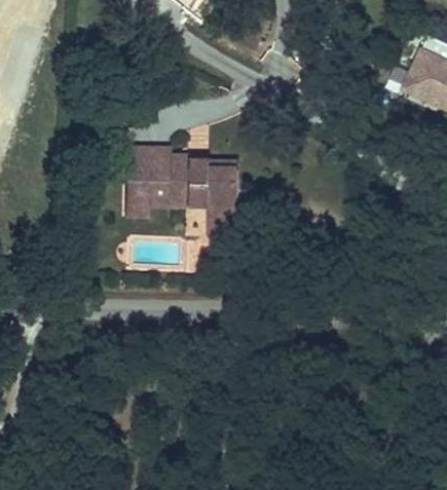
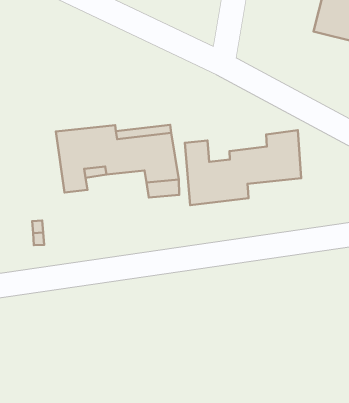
building: none -> [185,130,301,205]

